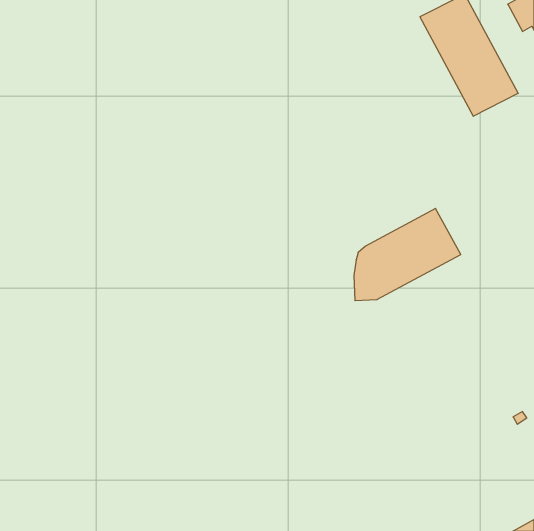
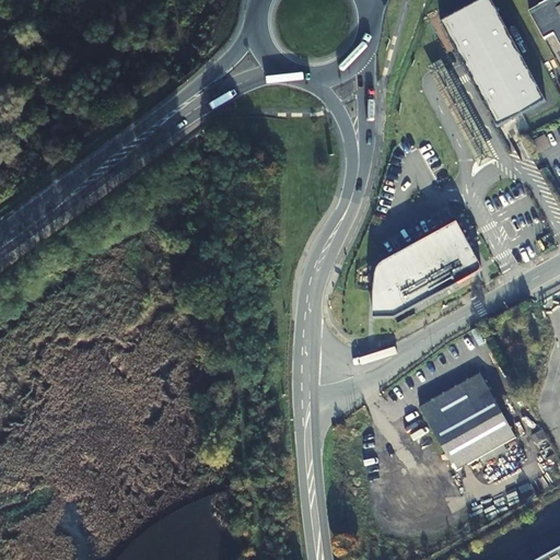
building: none -> [422,372,517,470]

